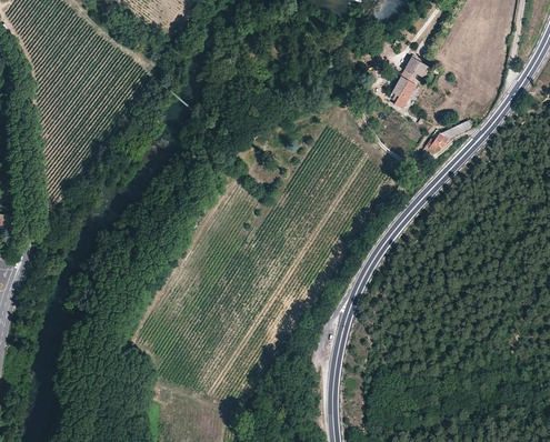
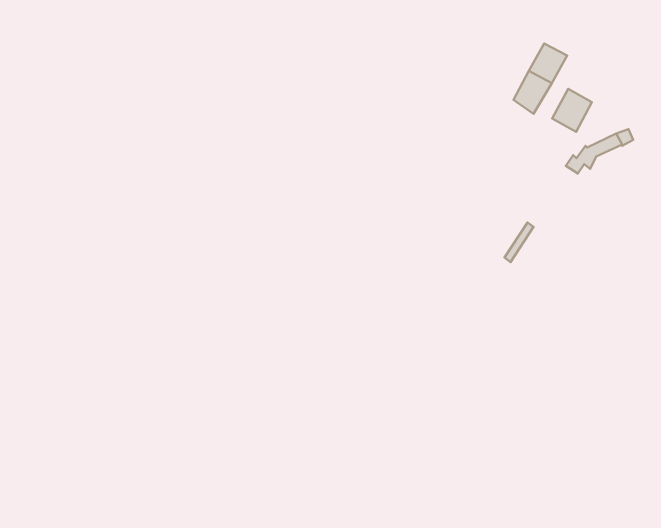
building: none -> [552,89,592,132]

